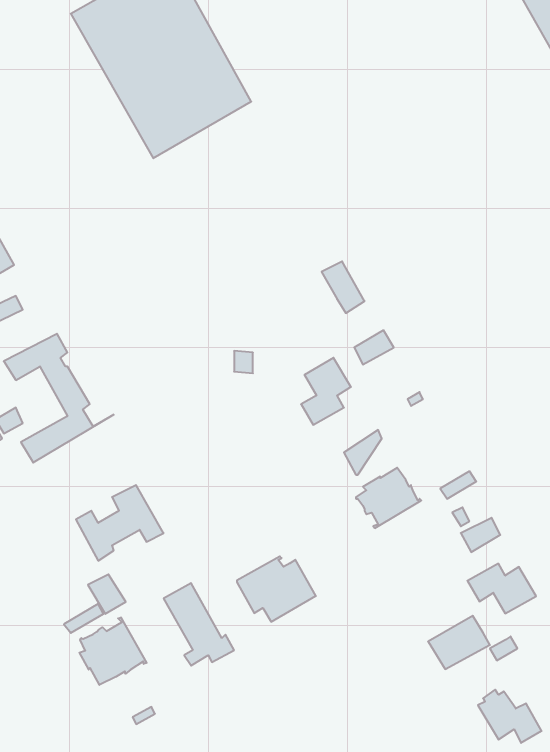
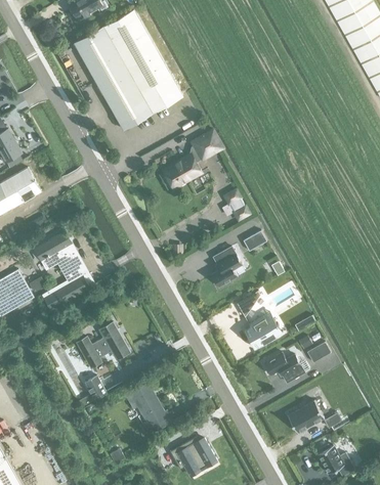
building: none -> [162,131,221,188]
building: [237,556,316,622] -> [169,436,216,475]
building: [467,564,536,613] -> [263,352,304,382]
building: [79,617,147,685] -> none

